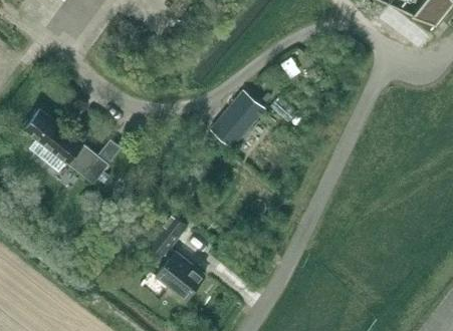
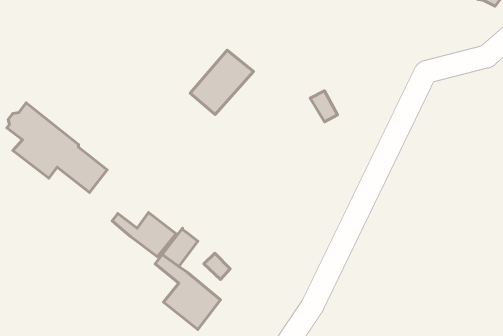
building: [212,93,265,147] -> [190,50,253,115]
building: none -> [112,213,176,257]

